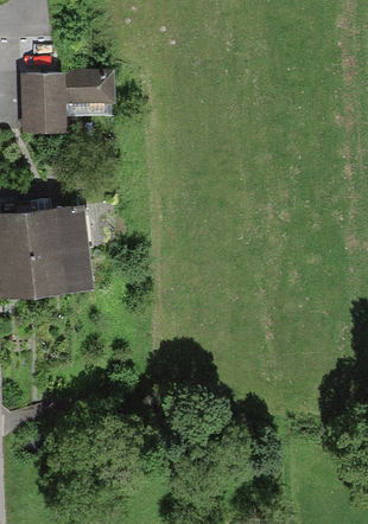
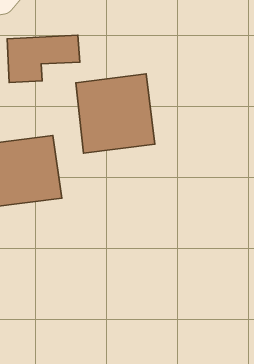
building: none -> [76,74,155,153]

